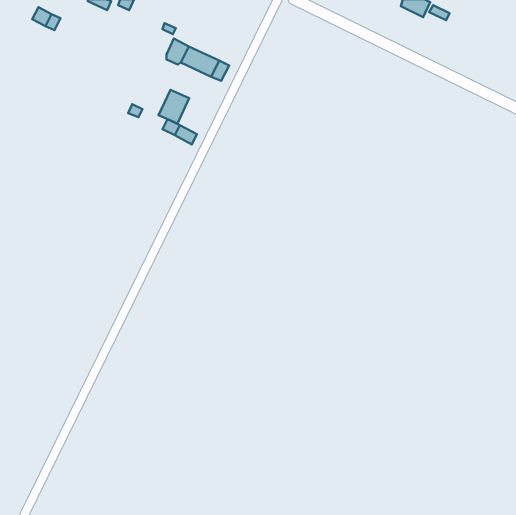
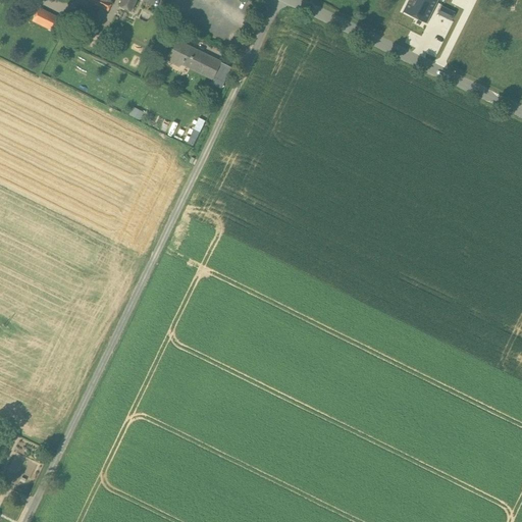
building: [159,90,189,123] -> none

